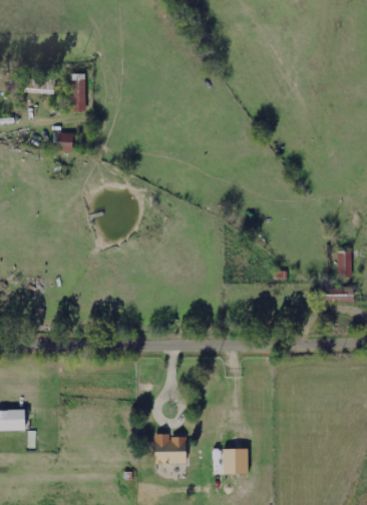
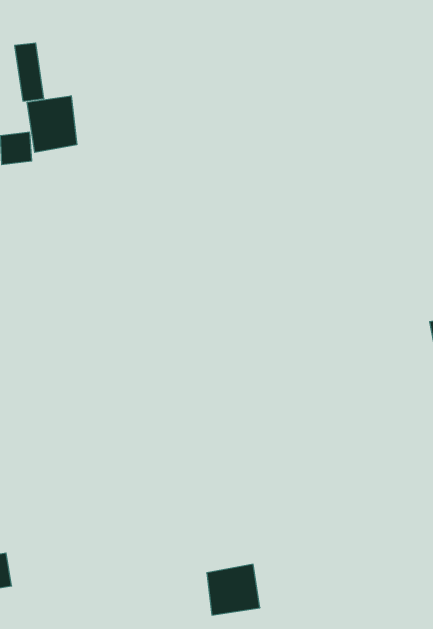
building: none -> [27,96,77,152]
building: [223,448,248,473] -> none

